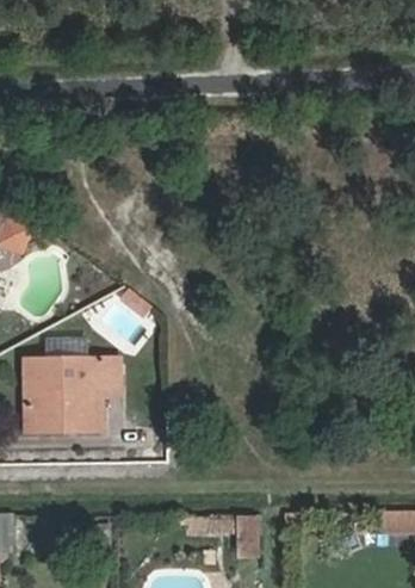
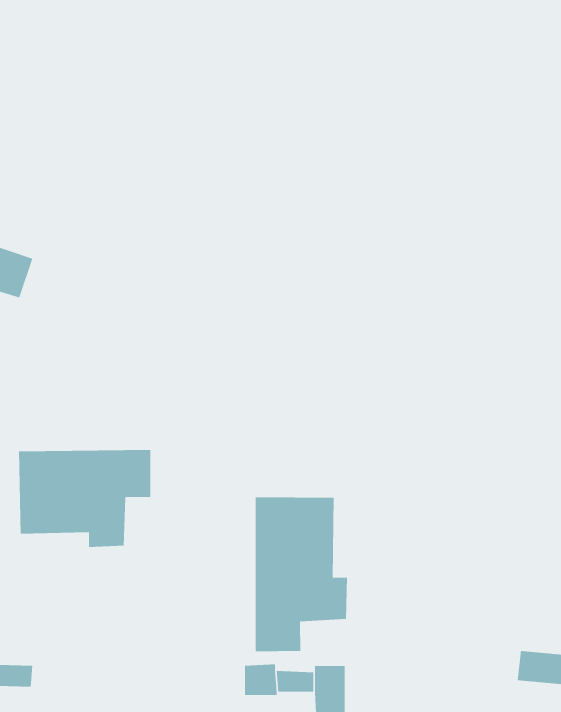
building: none -> [255,497,348,652]

